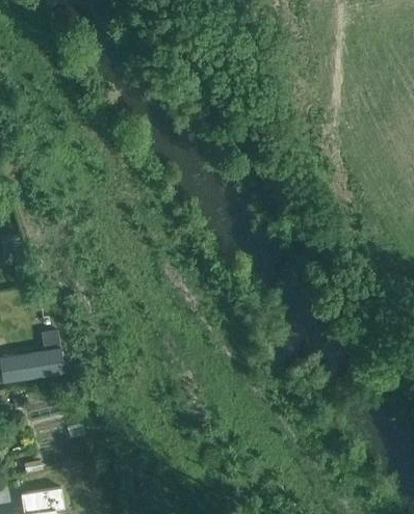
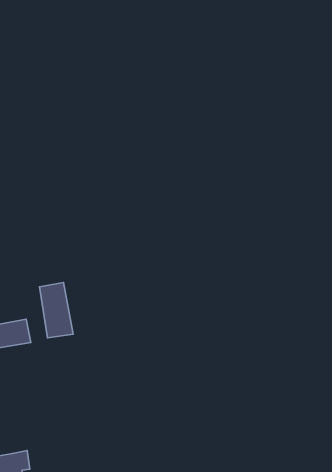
building: none -> [39,283,73,338]

